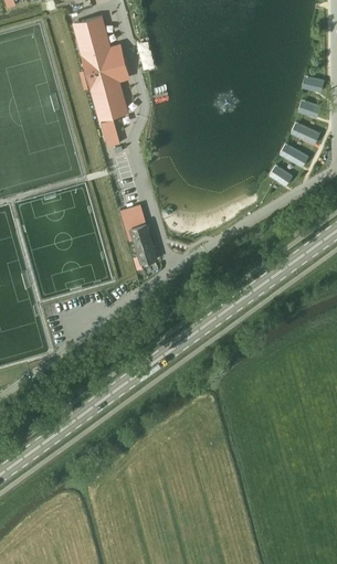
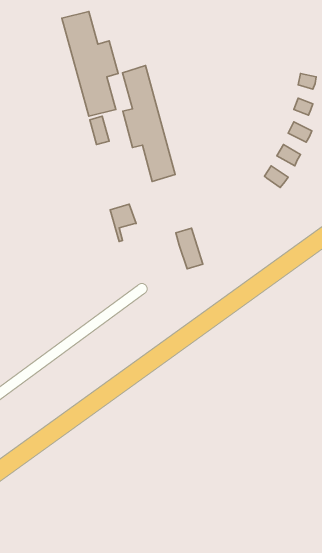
building: none -> [123,66,175,181]
building: [129,223,156,263] -> [176,228,203,269]

